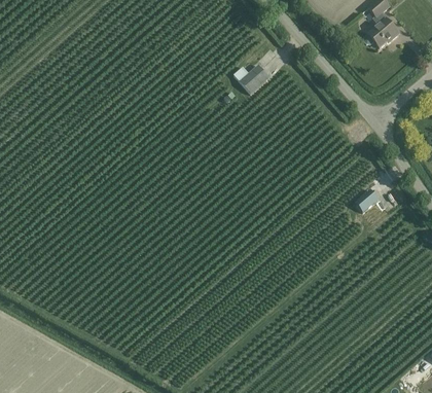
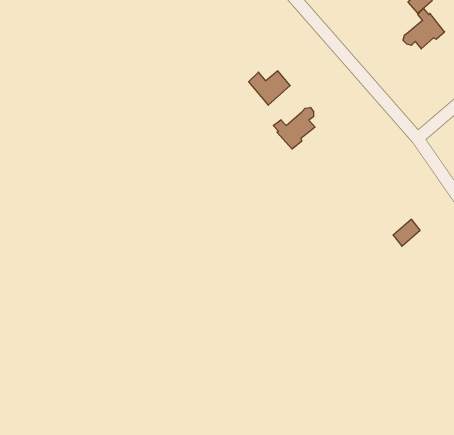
building: none -> [273,107,315,149]

